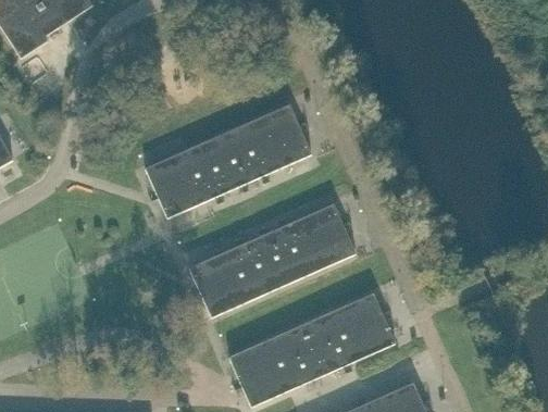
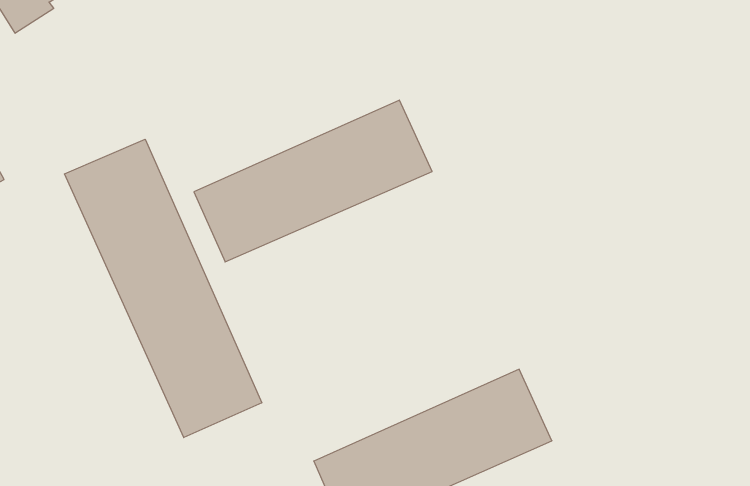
building: none -> [65,139,262,438]
building: [188,203,354,317] -> none

